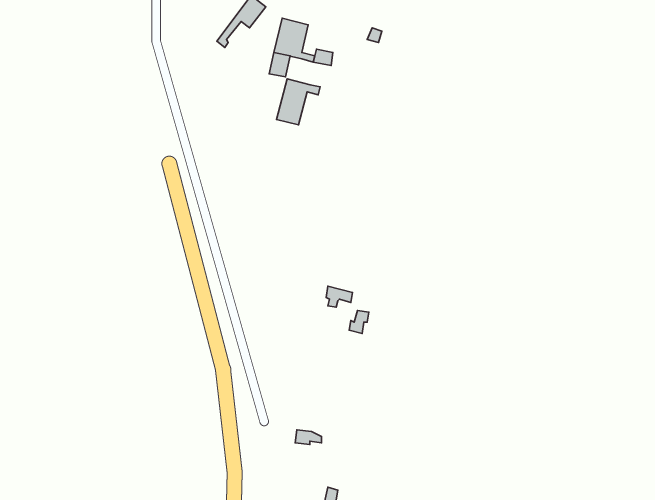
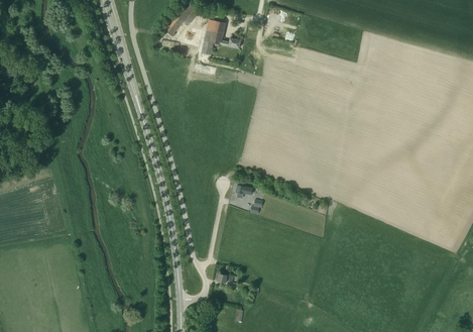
building: [277,79,320,125] -> none

